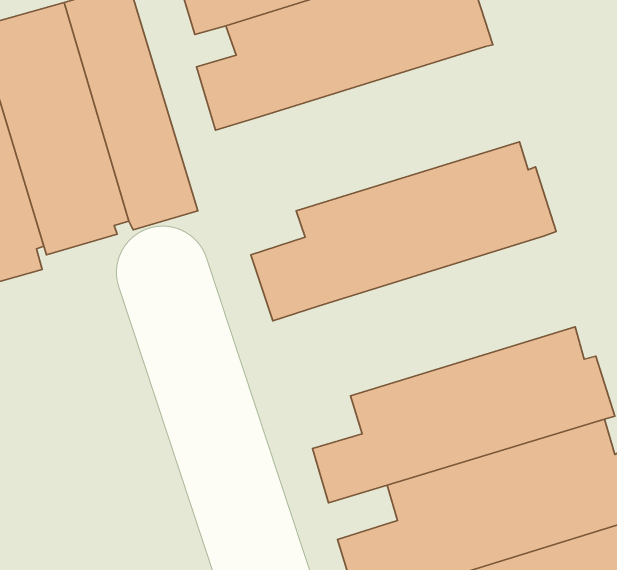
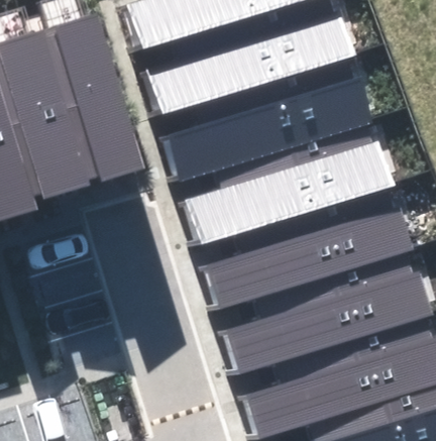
building: none -> [170,57,373,180]
building: none -> [200,187,413,308]

